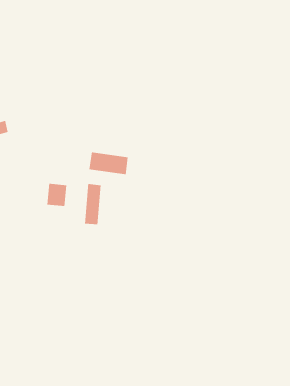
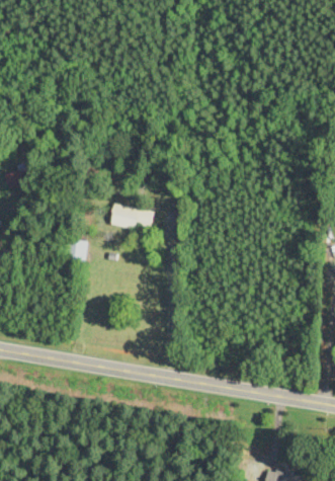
building: [84,183,101,225] -> none

